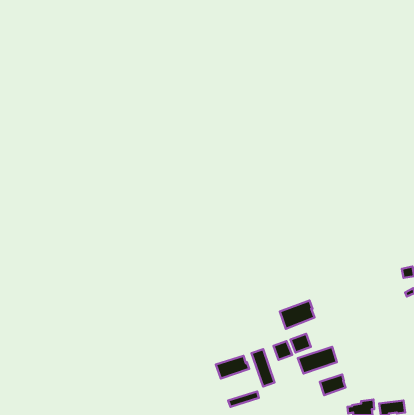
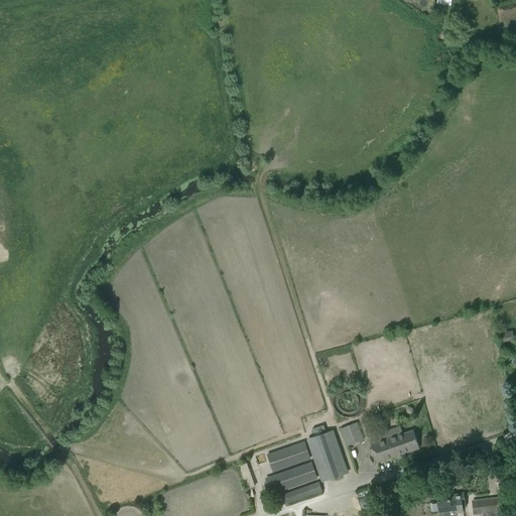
building: [280,300,315,329] -> none
building: none -> [269,463,316,491]
building: [320,375,345,395] -> none

